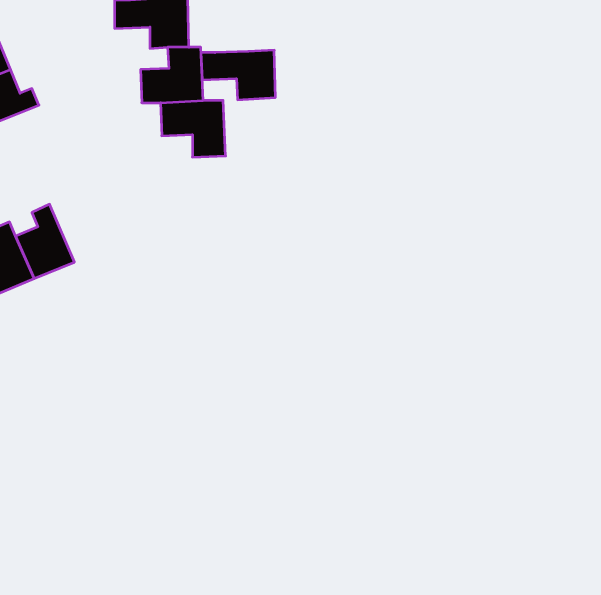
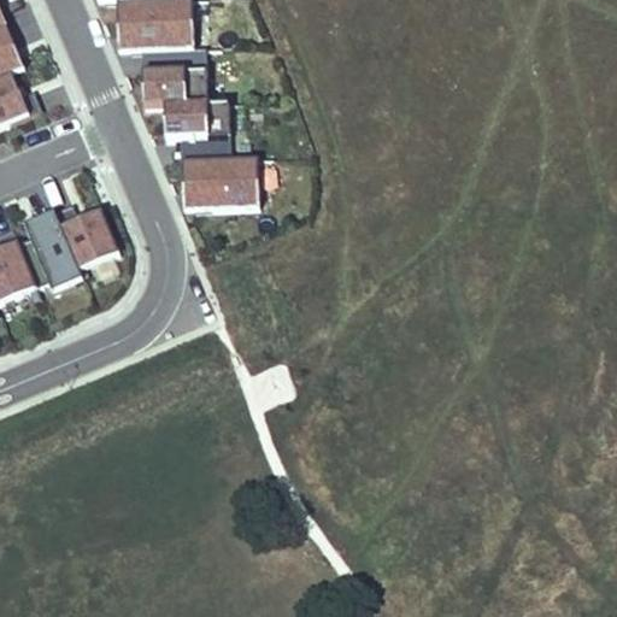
building: [201,50,275,100] -> [182,158,258,208]
building: none -> [51,201,117,268]

